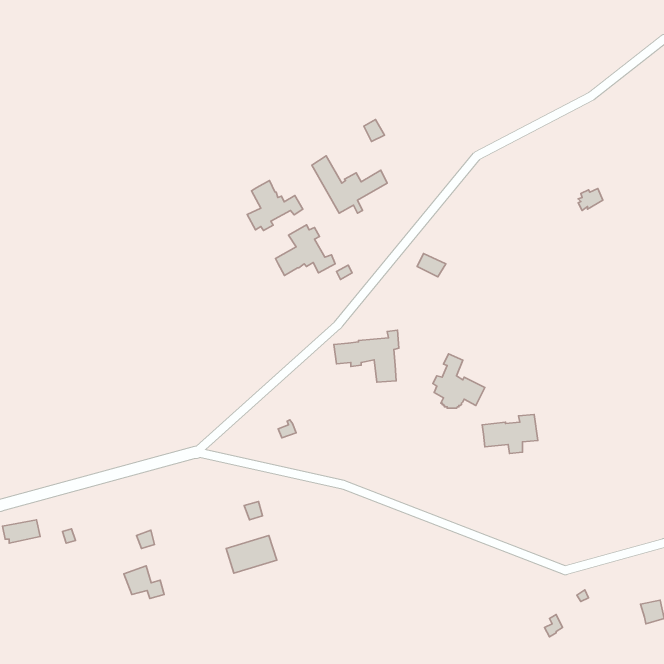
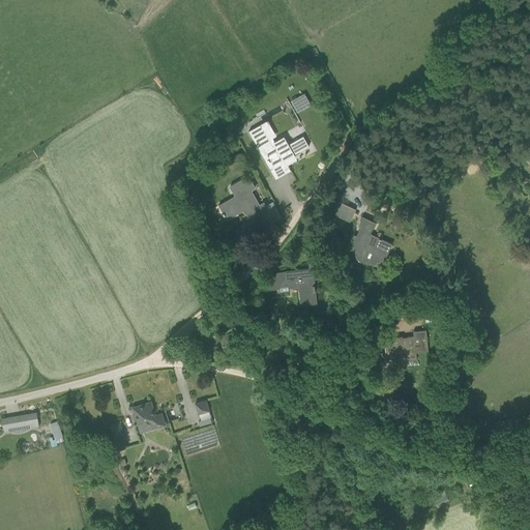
building: [247,181,303,231] -> none
building: [433,354,485,408] -> [350,217,391,261]
building: [124,566,164,598] -> [132,402,165,428]

